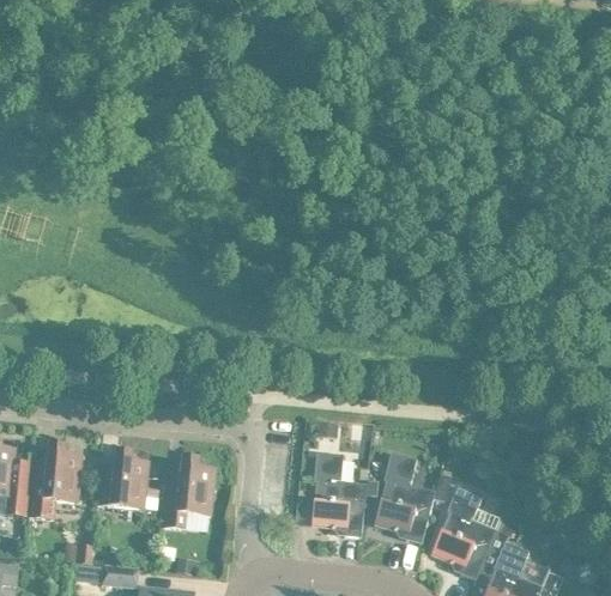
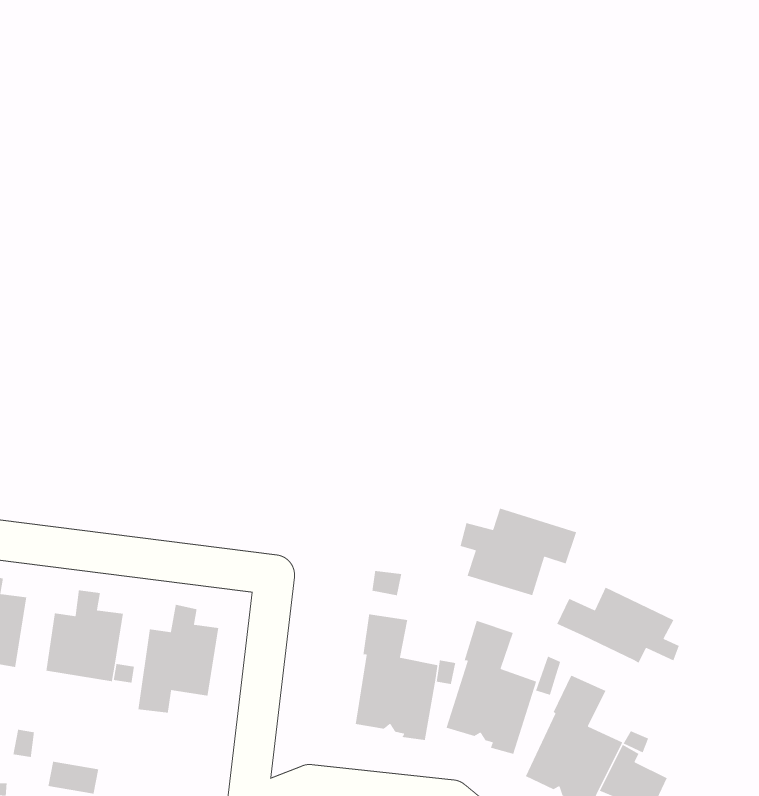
building: none -> [460,507,577,596]
building: none -> [556,587,680,664]

